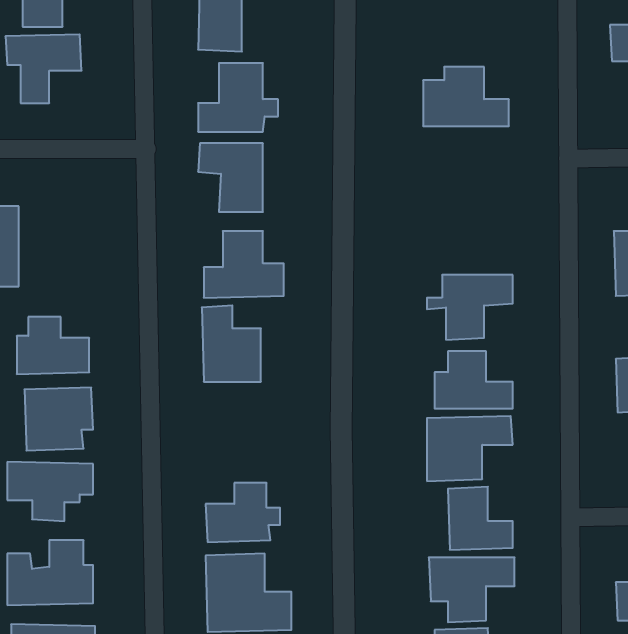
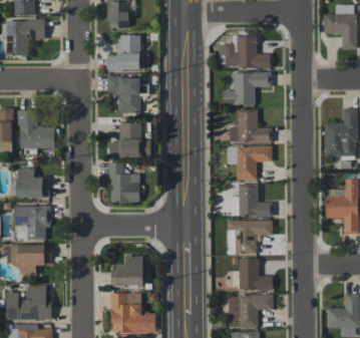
building: none -> [223,72,271,105]
building: none -> [17,110,54,148]
building: none -> [229,111,271,143]

